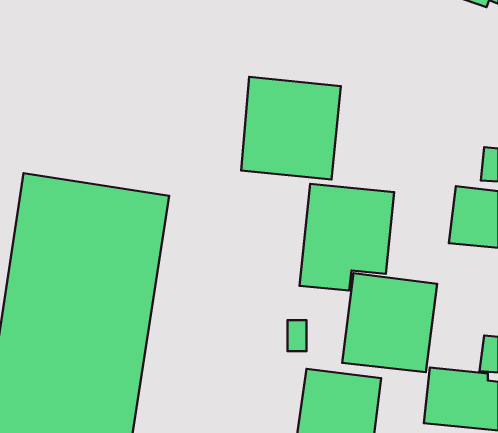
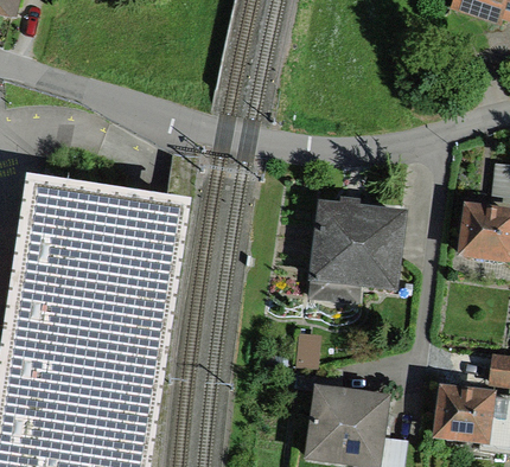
building: [241,77,341,180] -> none
building: [342,273,437,372] -> none

